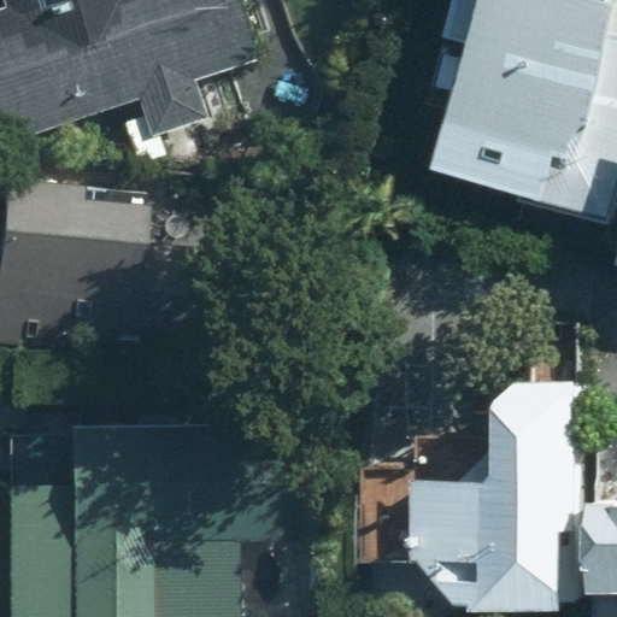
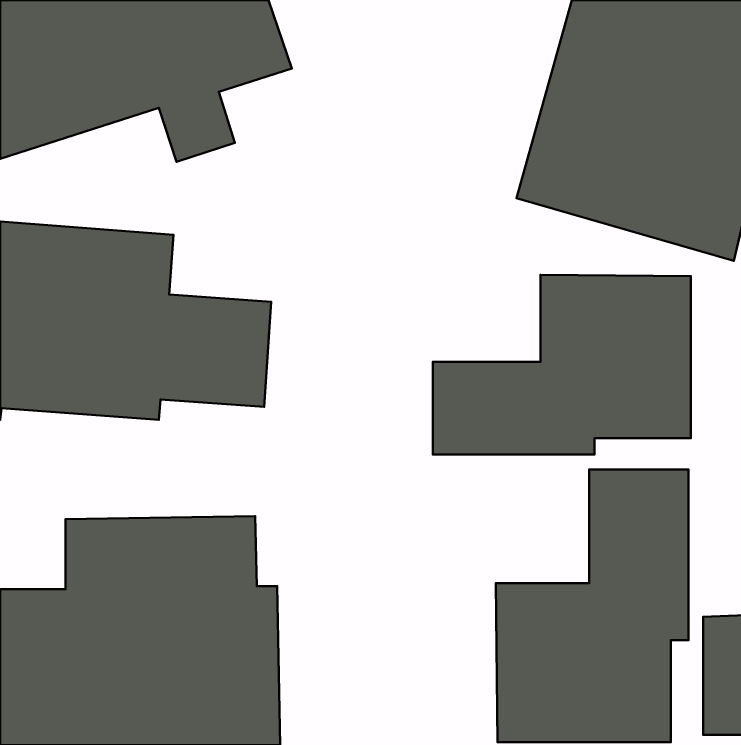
building: none -> [433,275,691,455]

